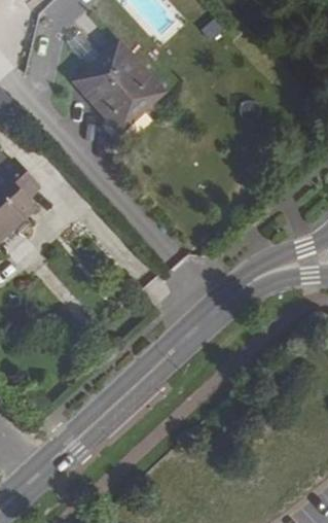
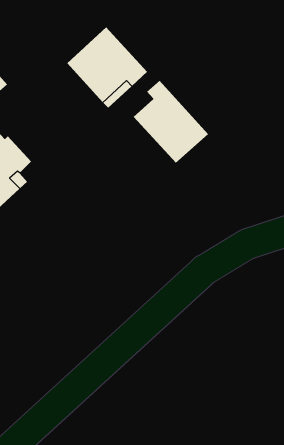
building: none -> [133,80,209,164]

